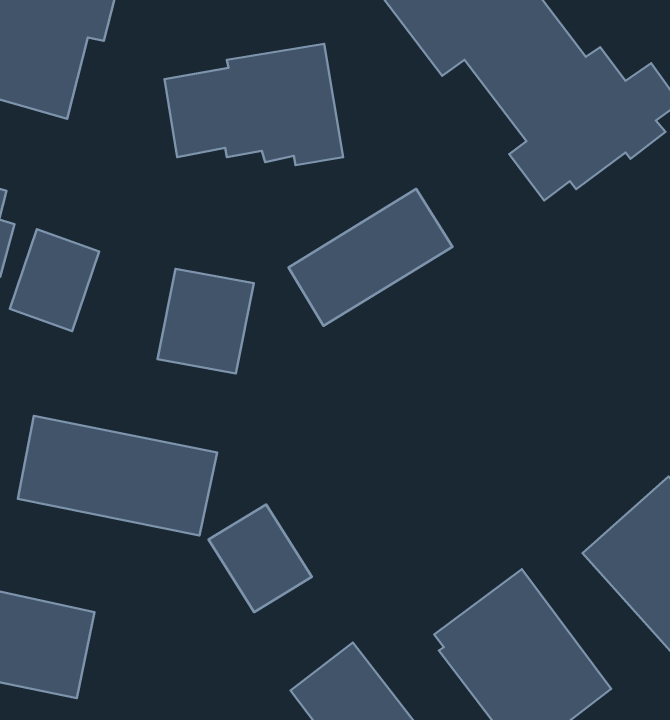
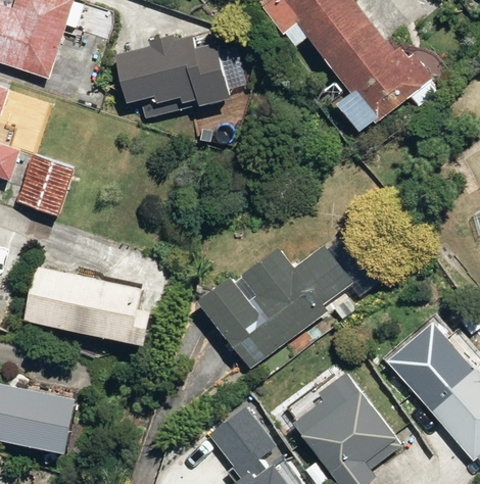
building: [288,189,453,326] -> none
building: [157,269,254,374] -> none
building: none -> [200,236,369,368]
building: [209,504,312,612] -> none

